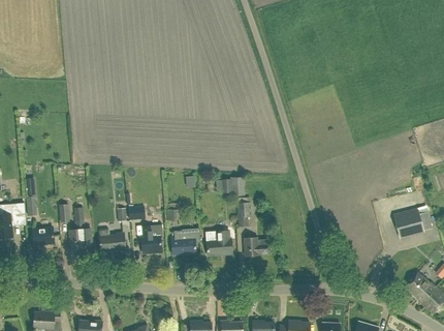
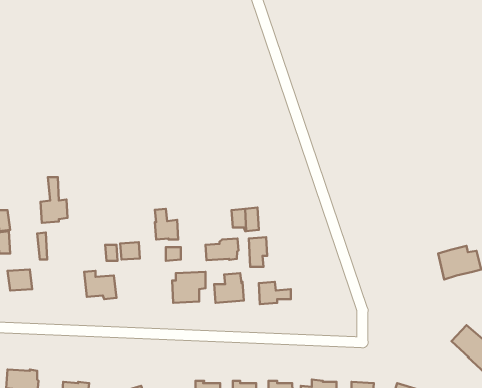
building: none -> [206,238,238,260]
building: [68,209,91,247] -> [40,177,68,223]
building: [141,227,161,252] -> [155,209,178,240]

